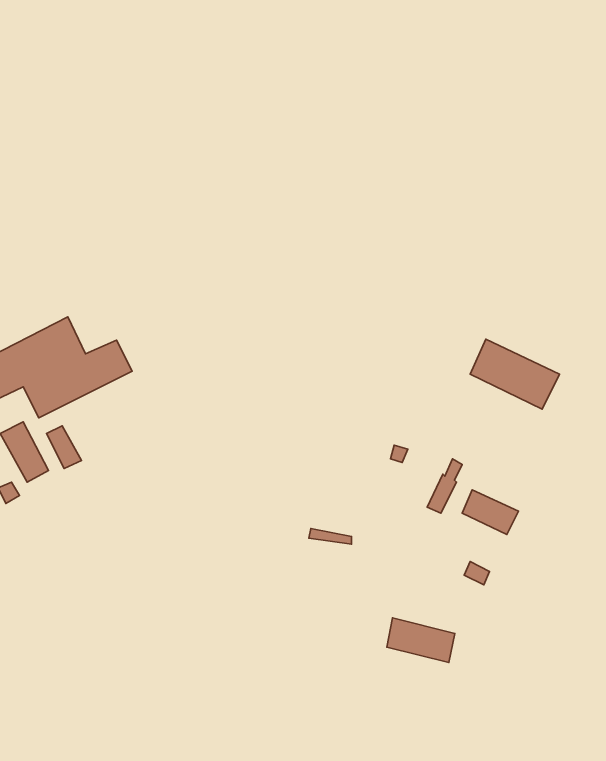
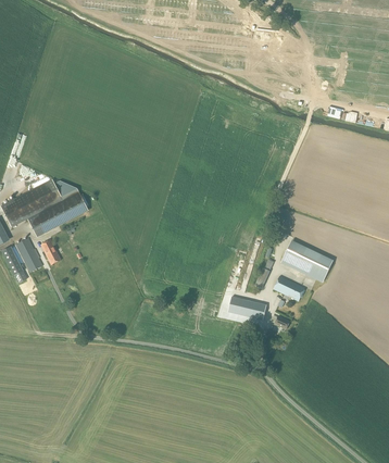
building: [470,339,560,409] -> [283,241,332,280]
building: [387,618,455,663] -> [228,295,266,320]

